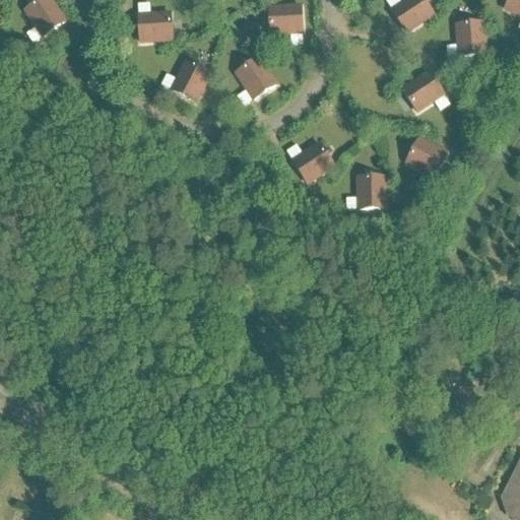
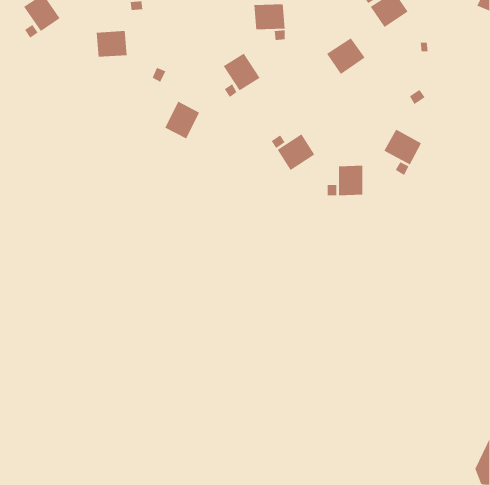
building: [138,11,172,40] -> [96,30,127,57]
building: [456,20,484,54] -> none
building: [172,59,209,100] -> [164,101,200,139]
building: [401,70,443,110] -> [326,37,366,75]

